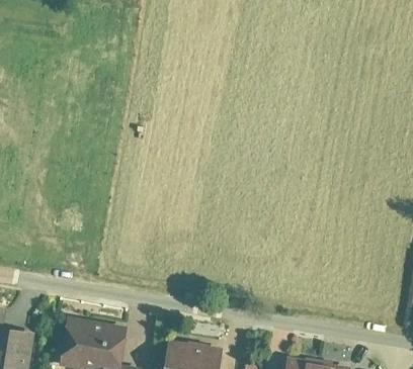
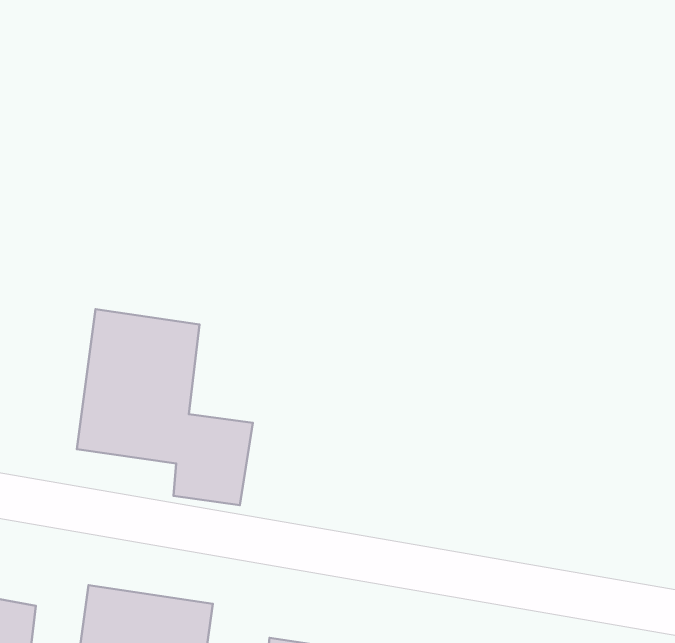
building: none -> [77,309,253,505]

